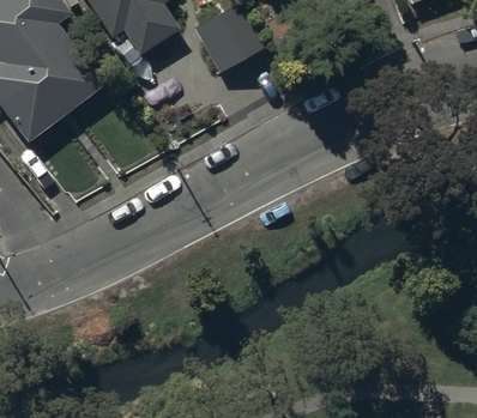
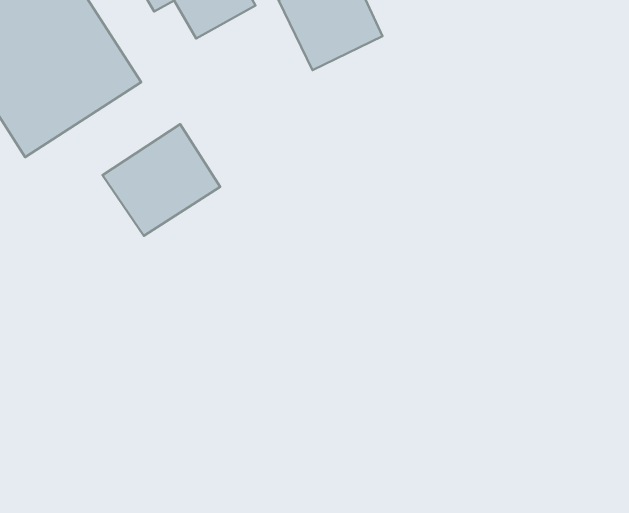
building: none -> [102,124,220,236]

